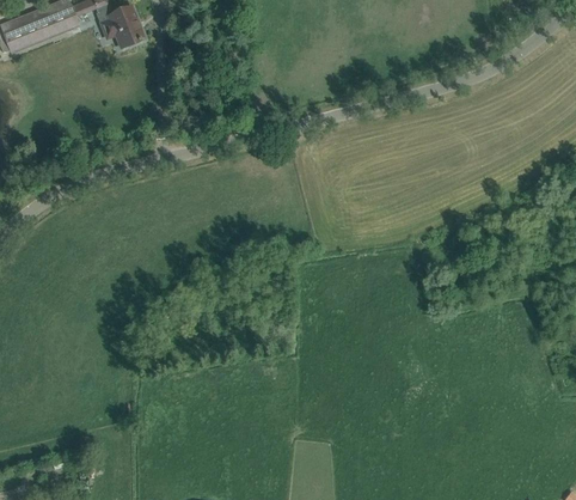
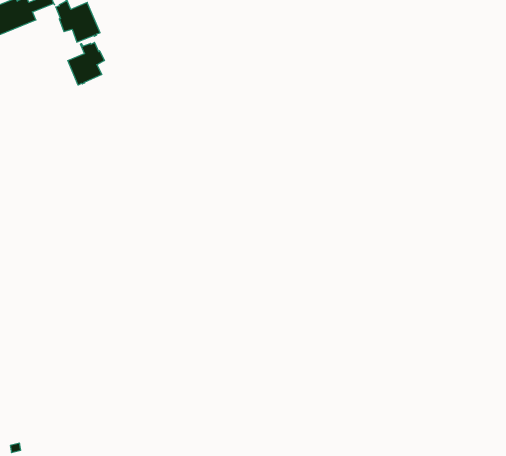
building: none -> [68,42,104,85]

